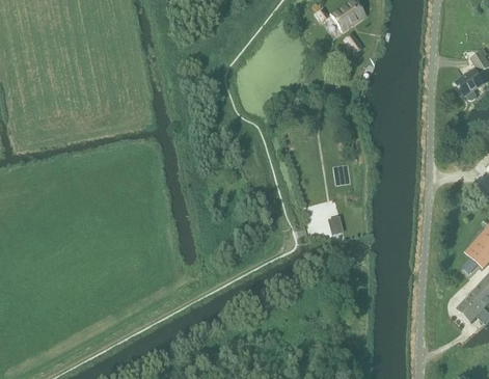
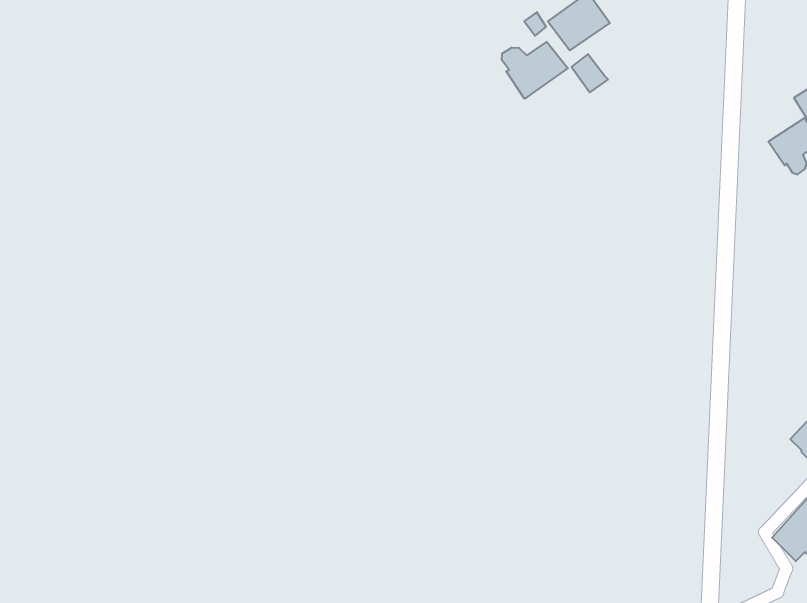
building: none -> [502,42,568,99]

